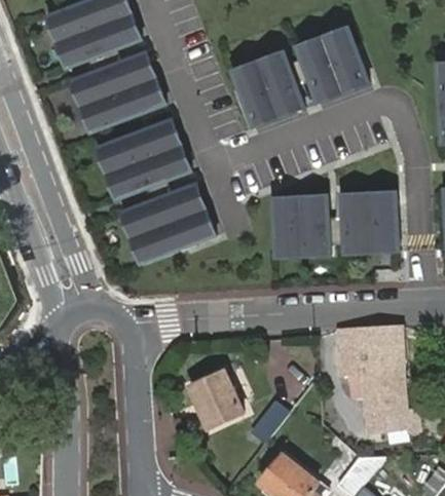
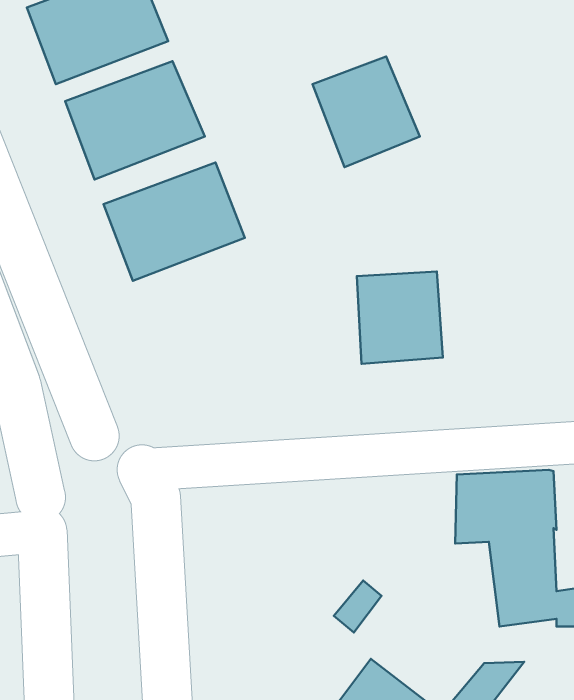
building: [304,26,376,100] -> none
building: [123,185,218,264] -> none
building: [337,190,395,253] -> none
building: [187,371,239,425] -> none

